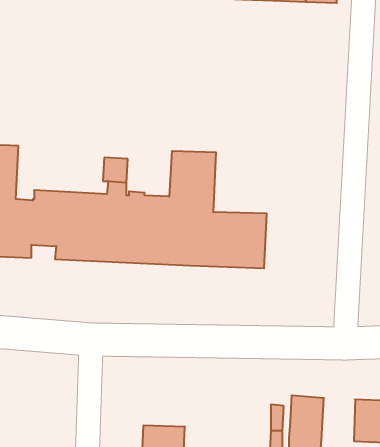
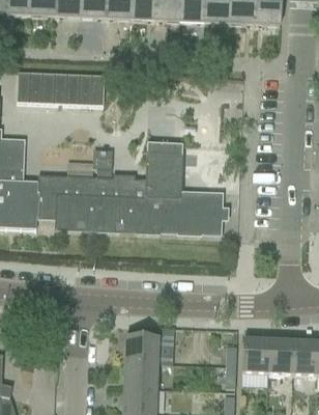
building: none -> [17,72,105,106]
building: none -> [125,325,176,363]
building: none -> [267,340,294,375]

